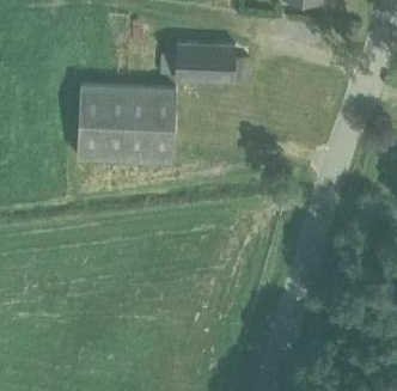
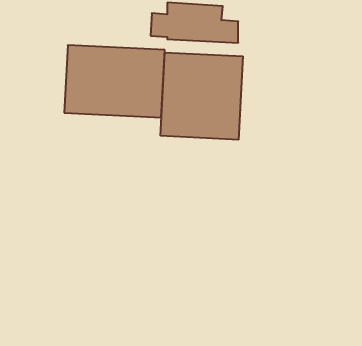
building: none -> [161,52,243,140]

